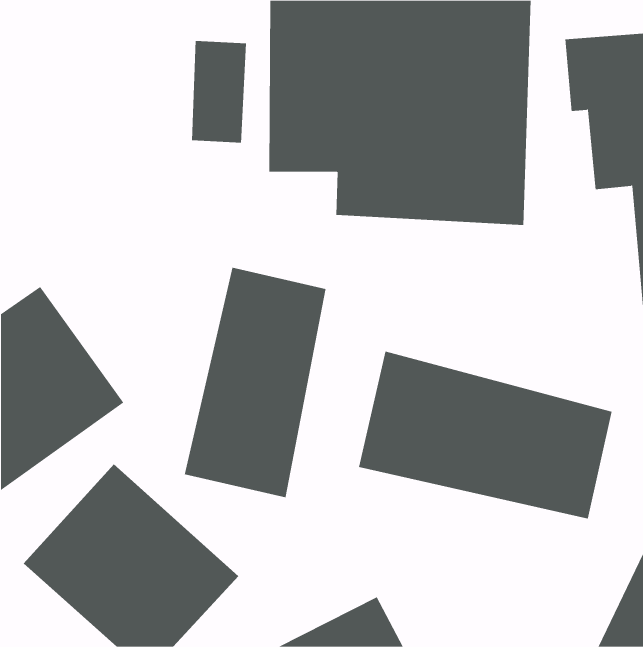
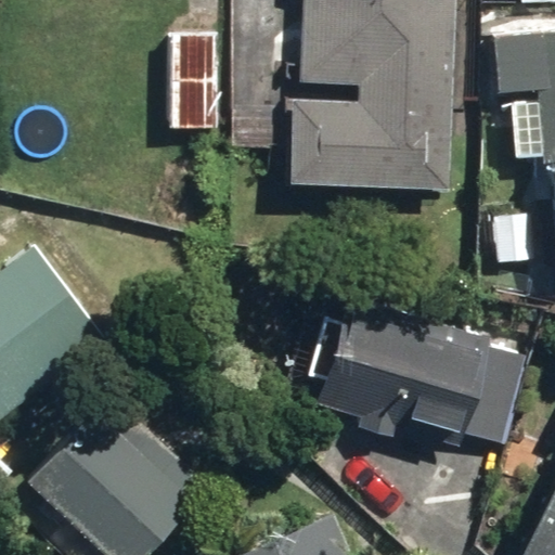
building: [184,267,326,498] -> none

